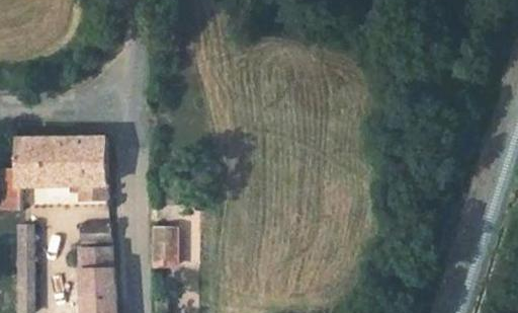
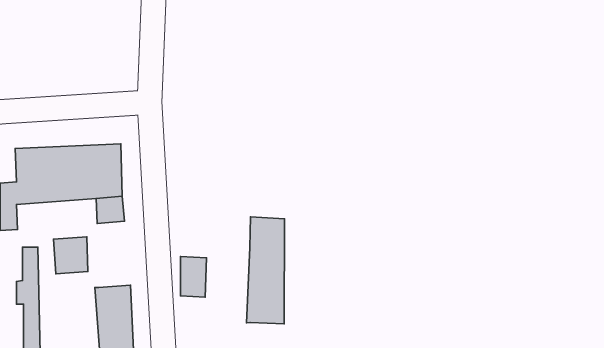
building: none -> [247,217,285,324]
building: [82,225,111,256] -> [53,237,88,274]

